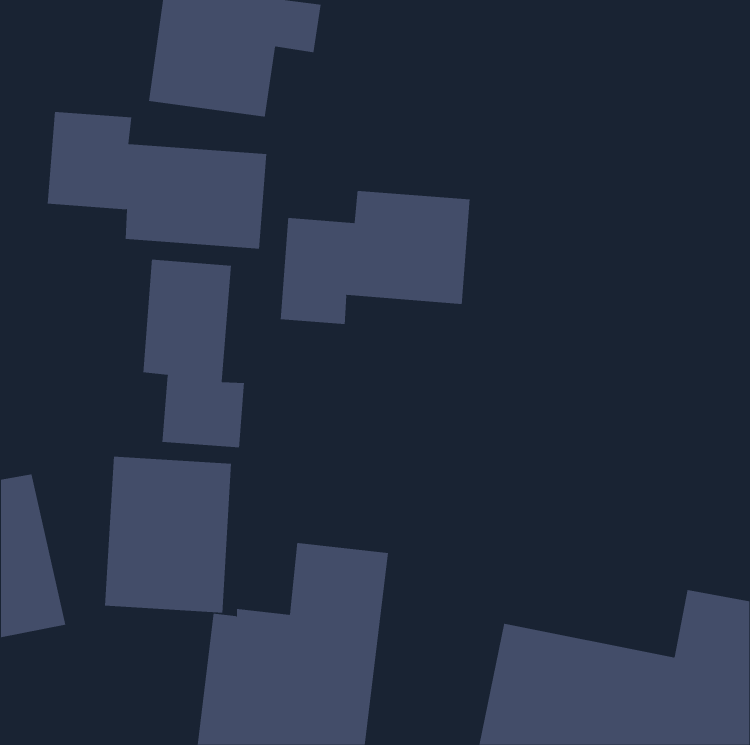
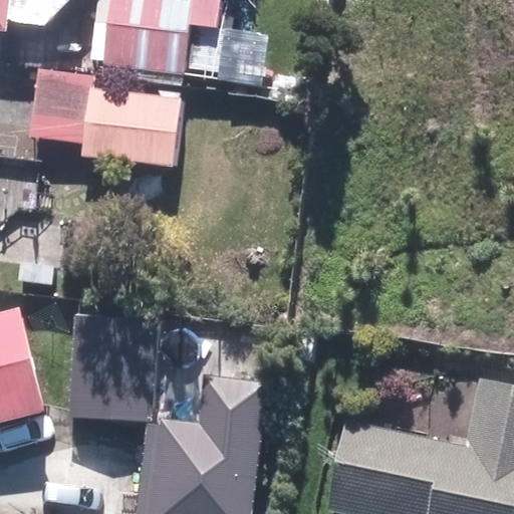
building: [280,190,470,325] -> none
building: [143,259,245,448] -> none

